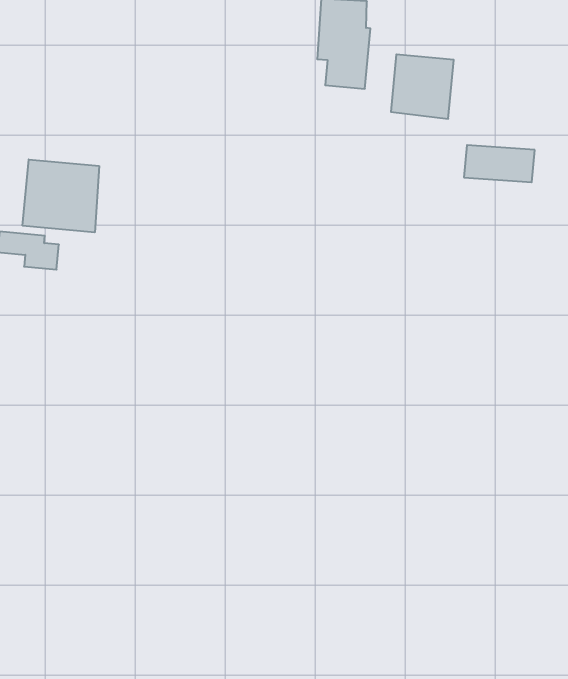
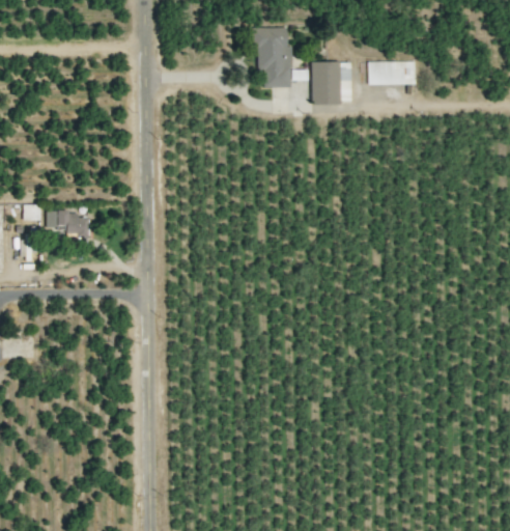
building: [464,145,535,182] -> [368,61,416,85]
building: [23,159,99,232] -> none

